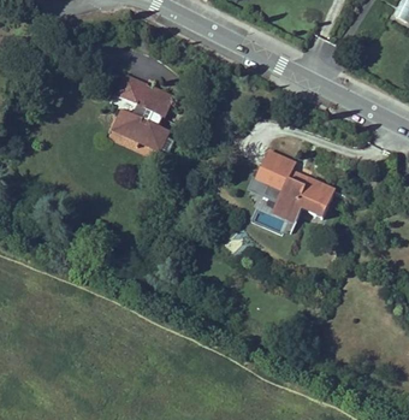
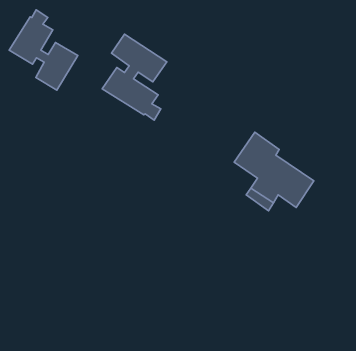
building: none -> [9,10,78,90]

